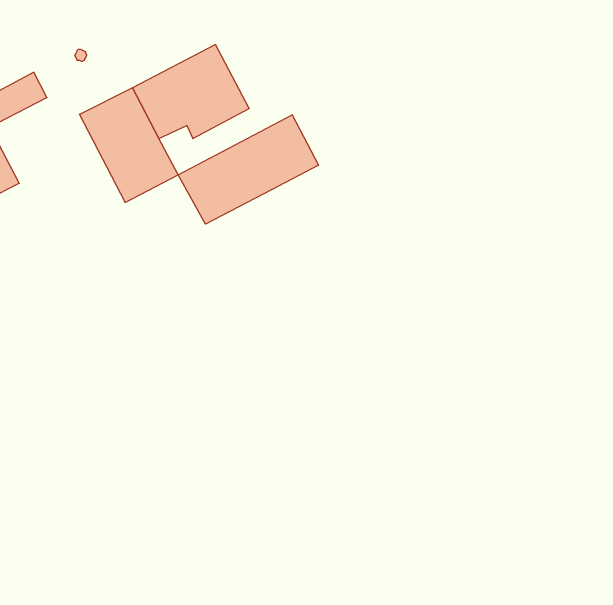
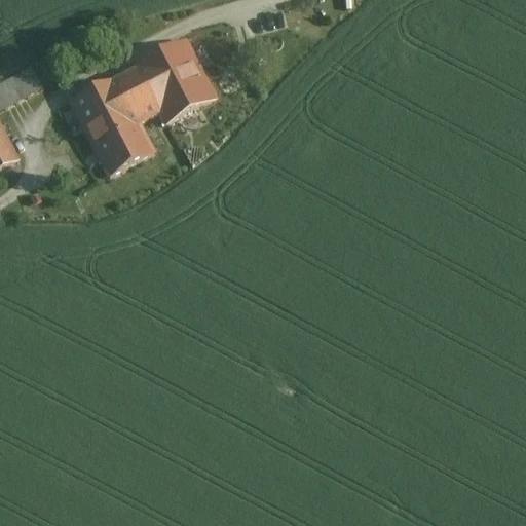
building: [178,115,319,224] -> none

